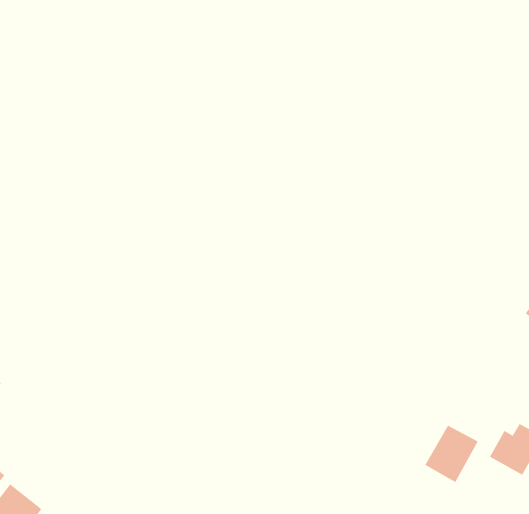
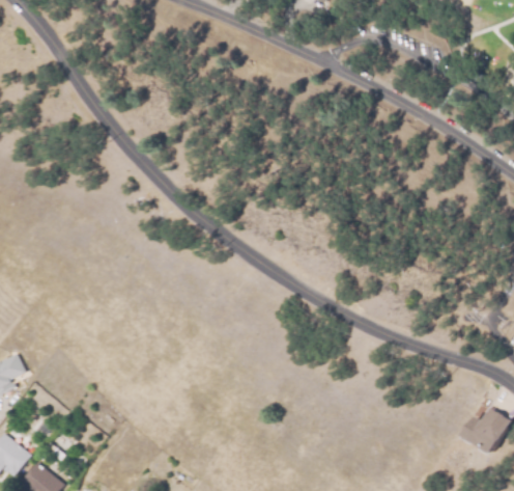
building: [425,425,478,483] -> none

